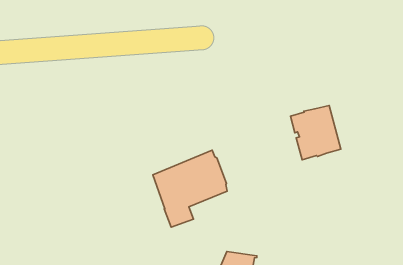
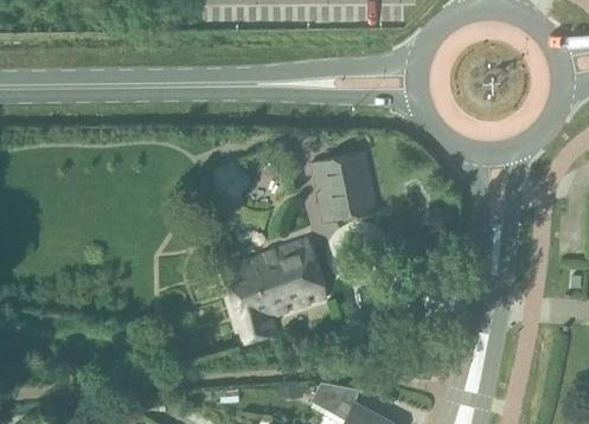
building: [291,106,341,160] -> [312,149,379,223]

